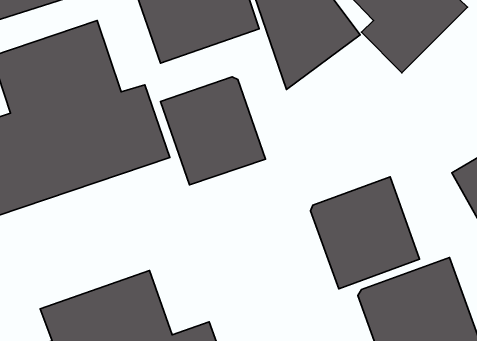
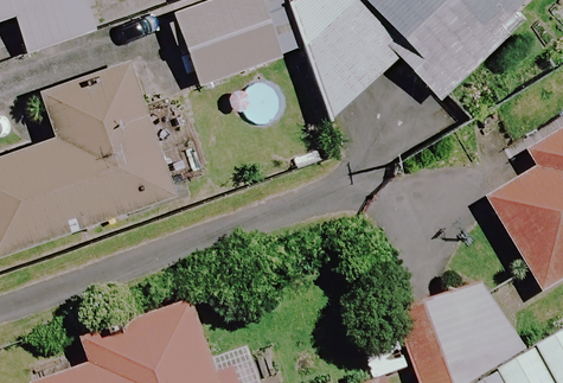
building: [161,77,265,185] -> none
building: [311,177,419,289] -> none

